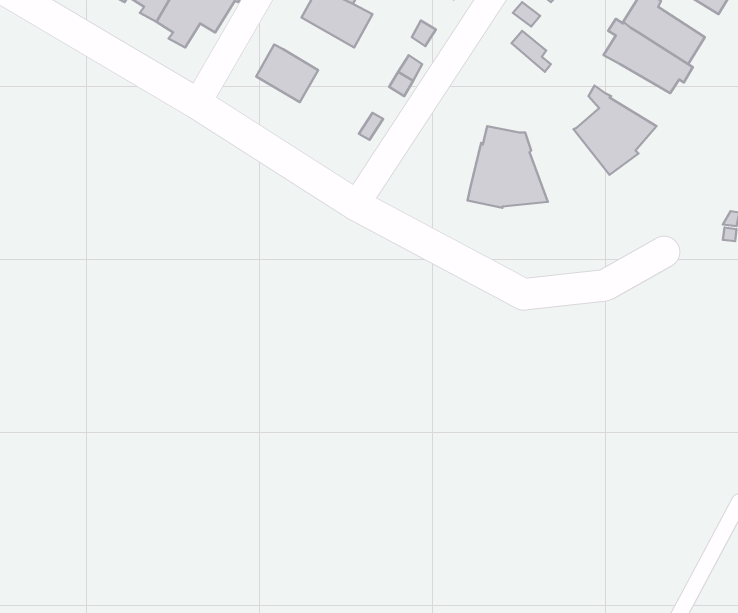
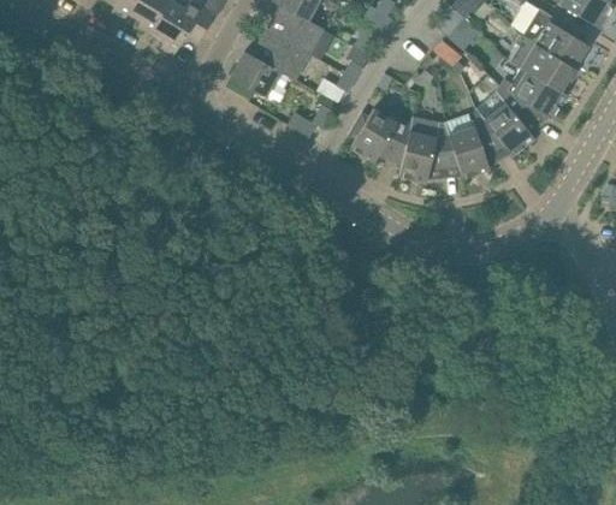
building: none -> [253,29,309,79]
building: none -> [500,66,567,117]
building: none -> [348,107,415,164]
building: none -> [449,113,507,177]

